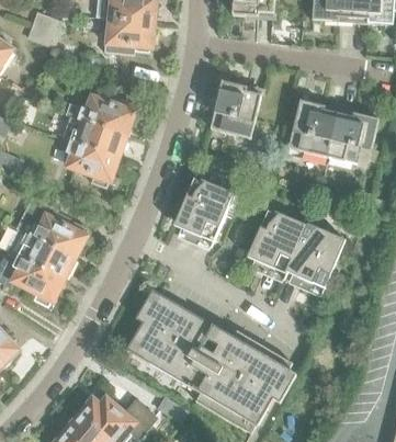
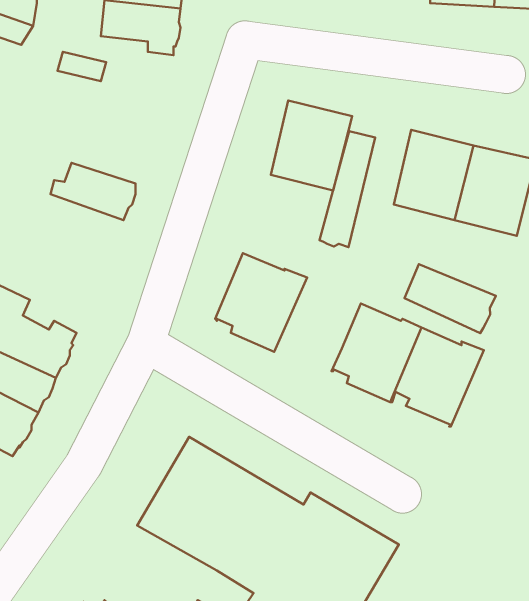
building: [65,95,135,134] -> none
building: none -> [320,131,375,247]
building: [68,140,117,188] -> none
building: none -> [405,264,496,333]

